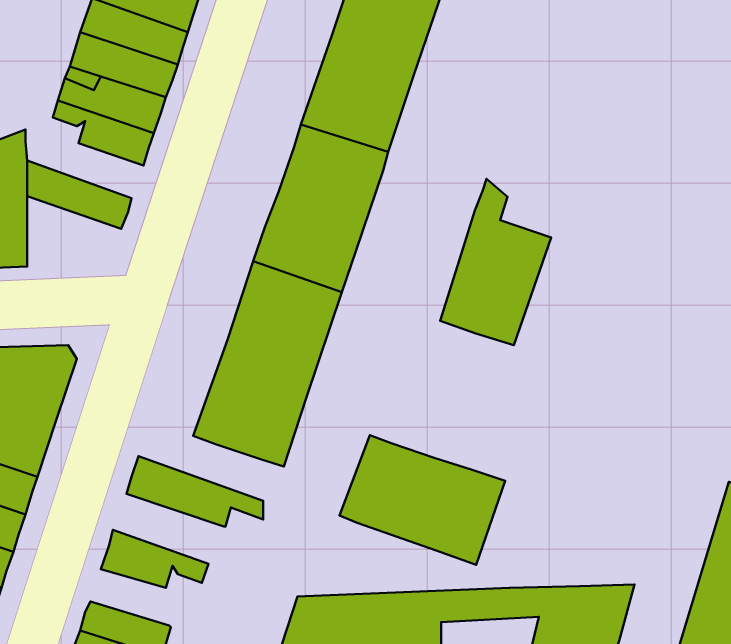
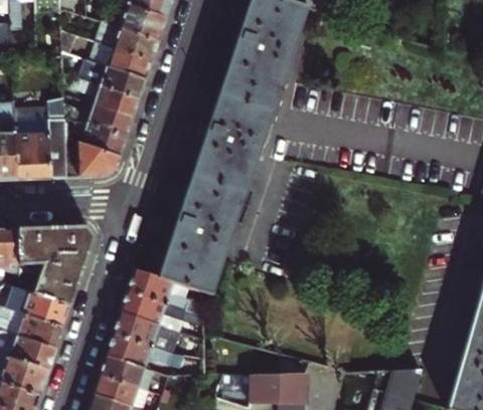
building: none -> [61,106,131,139]
building: [440,179,551,345] -> none
building: none -> [62,138,118,179]
building: none -> [128,270,201,317]
building: [339,435,505,565] -> none
building: none -> [113,313,178,354]
building: none -> [100,357,152,390]

